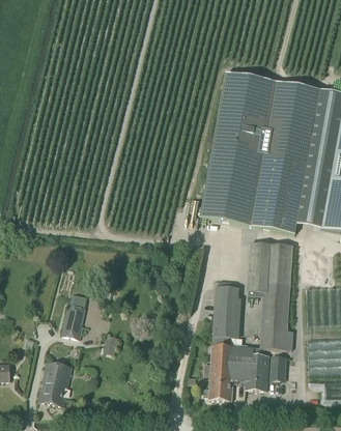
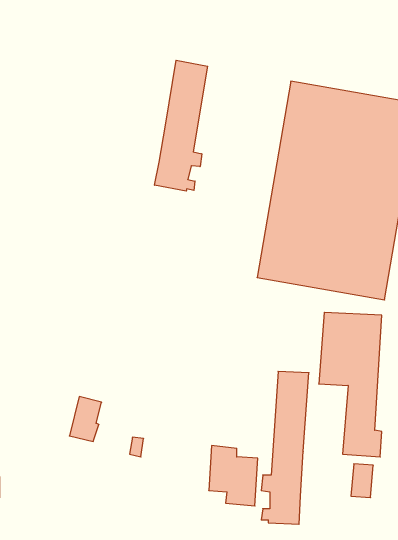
building: none -> [155,60,208,191]
building: [233,345,269,390] -> [209,446,258,506]
building: [39,361,73,405] -> none

